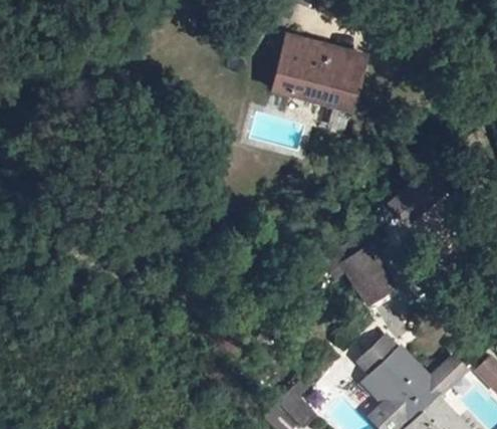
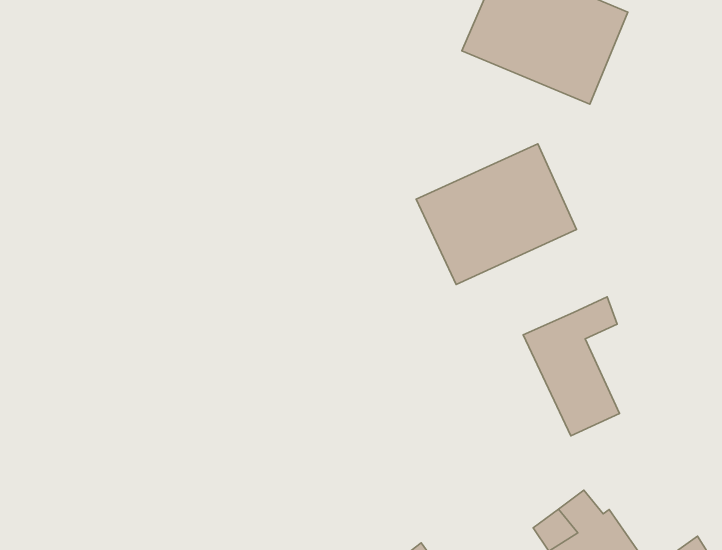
building: none -> [416,144,576,285]

